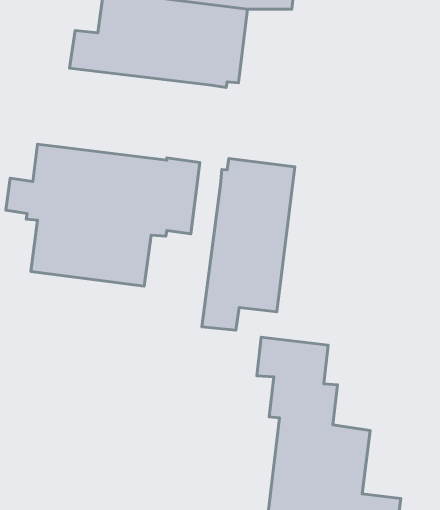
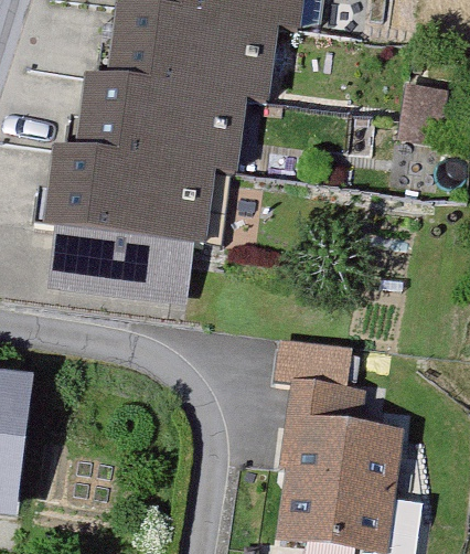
building: none -> [67,78,236,170]
building: [202,159,295,330] -> none

